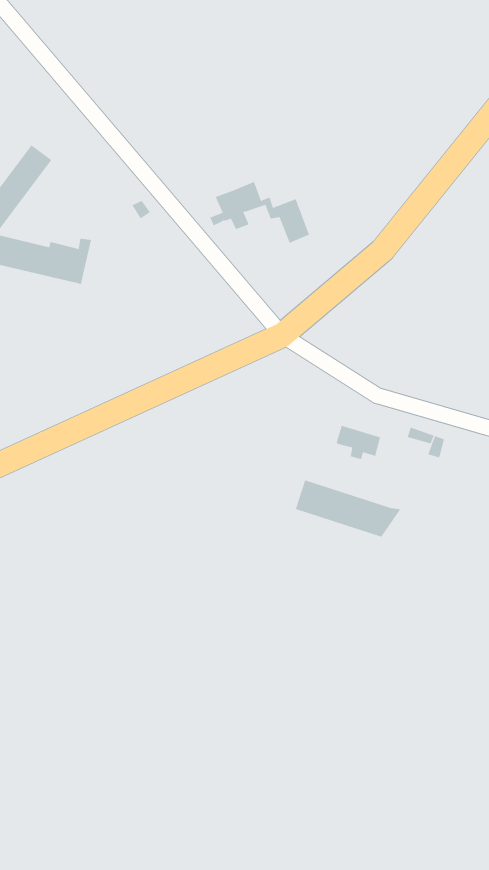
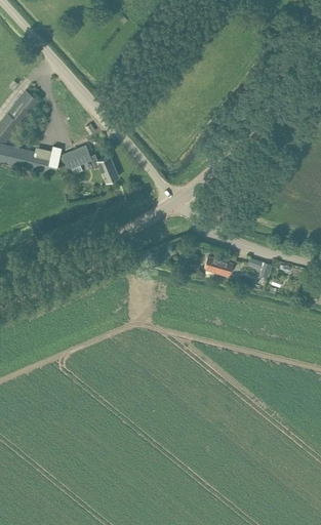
building: [210,181,310,244] -> [58,145,118,181]
building: [295,480,401,537] -> none

